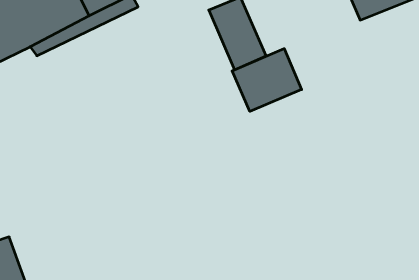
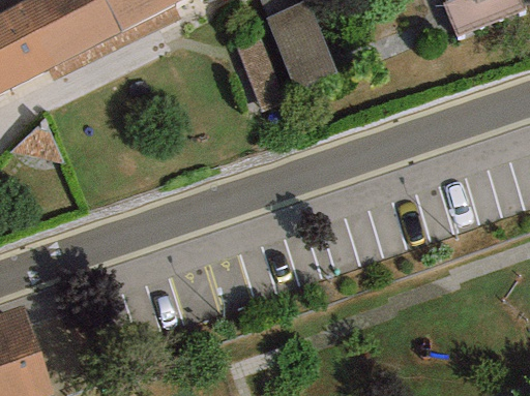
building: [232,49,302,111] -> none

